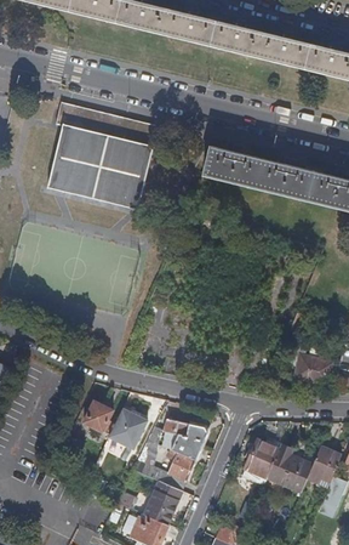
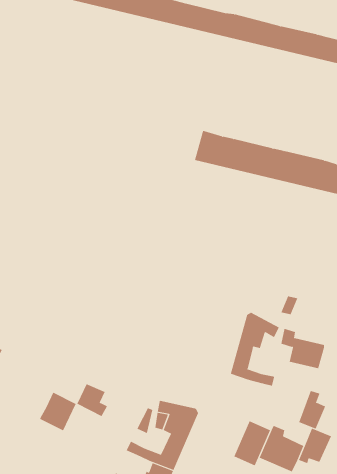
building: [47,101,165,210] -> none
building: none -> [230,312,279,387]
building: none -> [298,390,326,429]
building: [109,408,147,448] -> [40,392,77,431]

